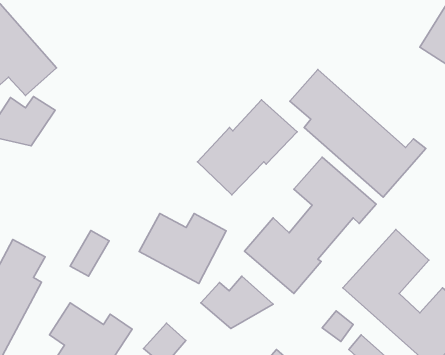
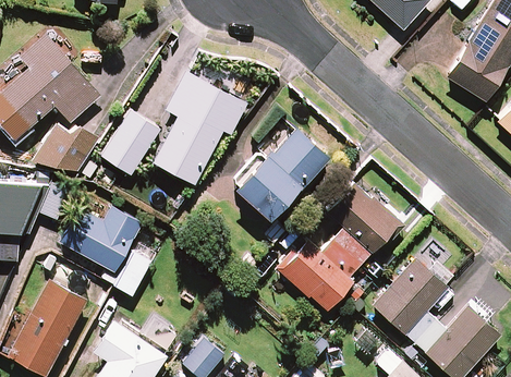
building: none -> [104,72,245,184]
building: [290,70,426,197] -> none
building: [139,214,226,284] -> [59,206,142,272]
building: [201,276,273,329] -> none

